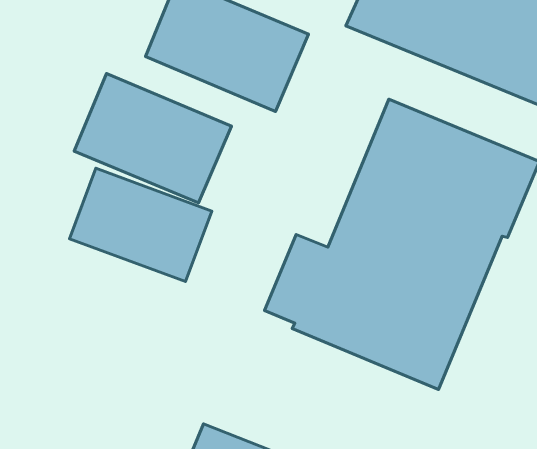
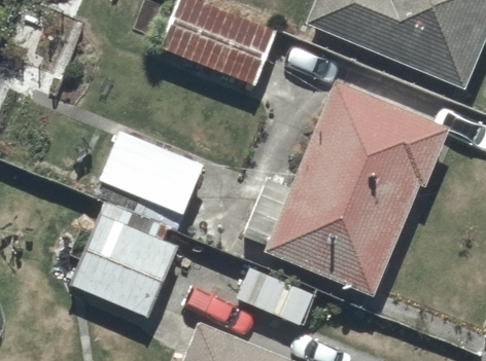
building: [74,73,232,203] -> none
building: none -> [69,215,177,318]

